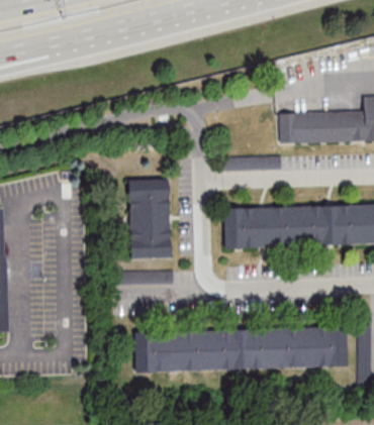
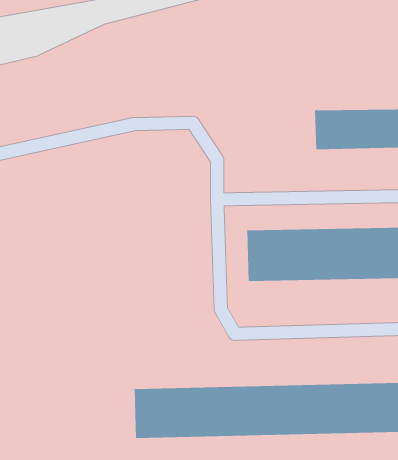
building: [127,179,169,259] -> none

